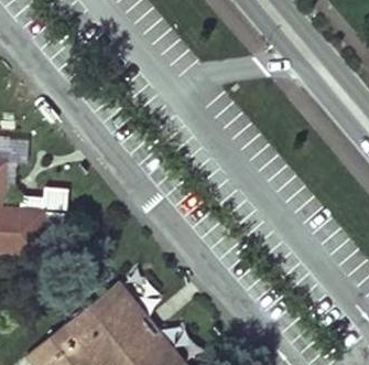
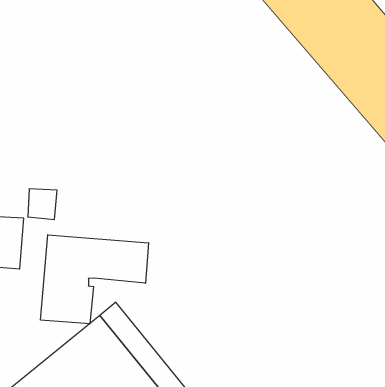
building: none -> [41,235,149,324]

